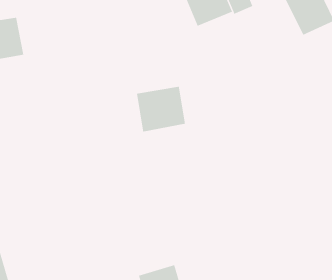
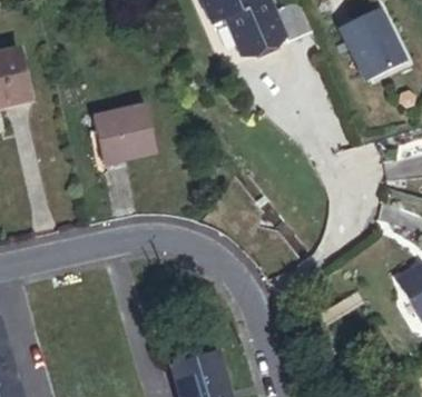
building: [136,86,186,132] -> [96,109,156,165]

